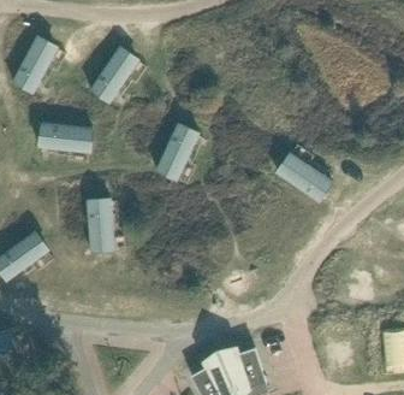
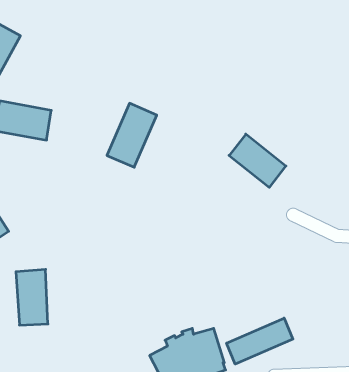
building: [87,45,143,105] -> none
building: [85,194,118,250] -> [16,269,48,325]
building: none -> [227,318,293,364]

